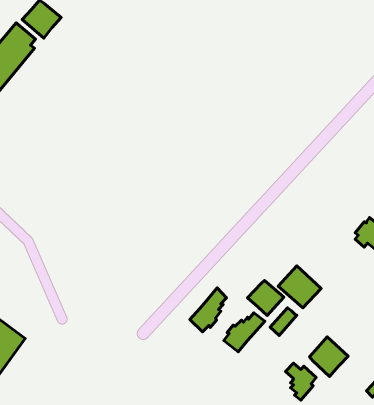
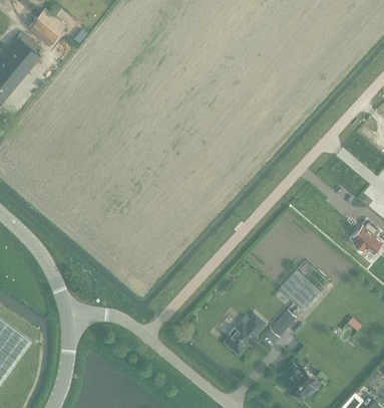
building: [248,280,284,316] -> none
building: [190,288,226,332] -> none
building: [309,337,348,376] -> none

